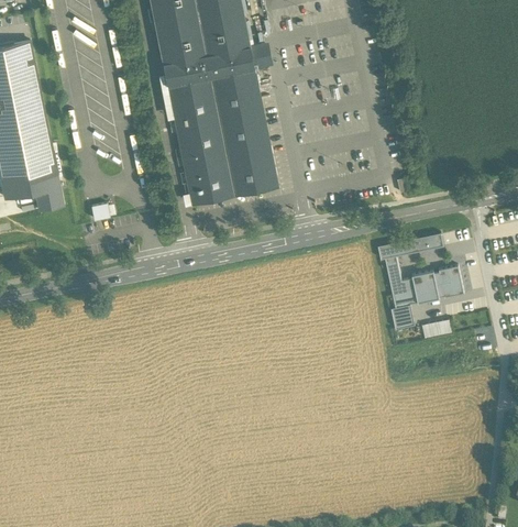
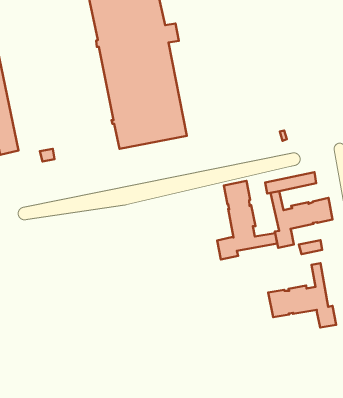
building: none -> [217,181,277,259]
building: none -> [268,263,336,328]

